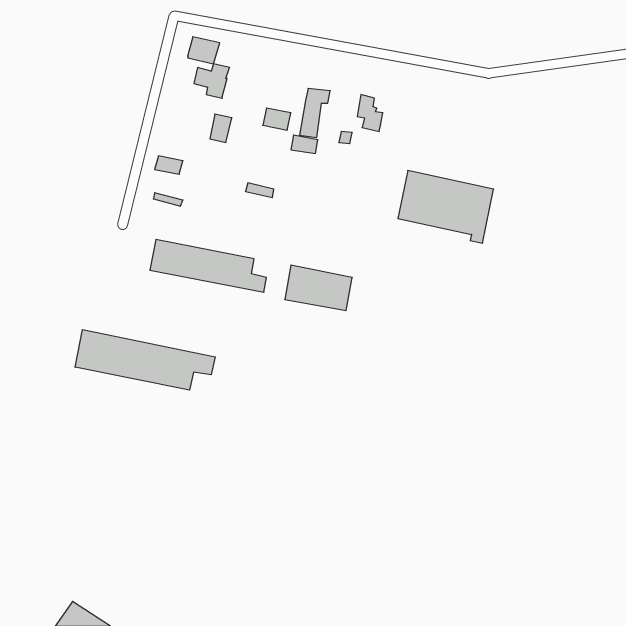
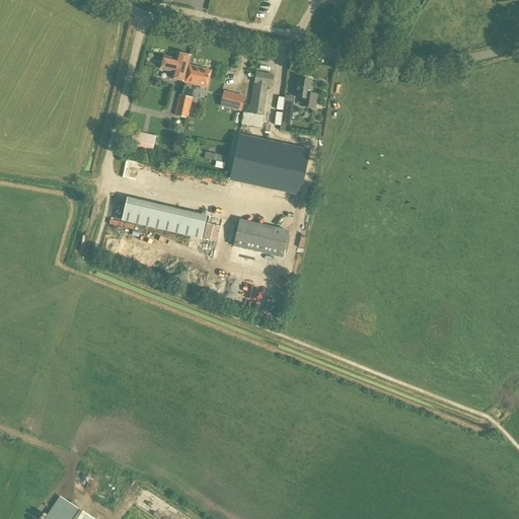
building: [188,37,220,64] -> [183,65,210,87]
building: [398,171,494,243] -> [228,136,307,196]
building: [75,330,215,390] -> none

